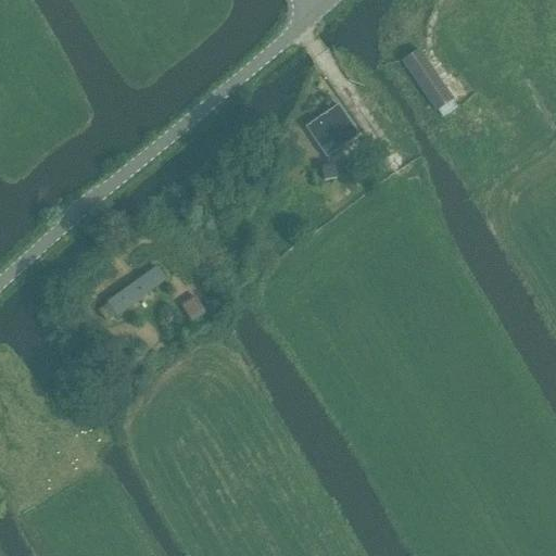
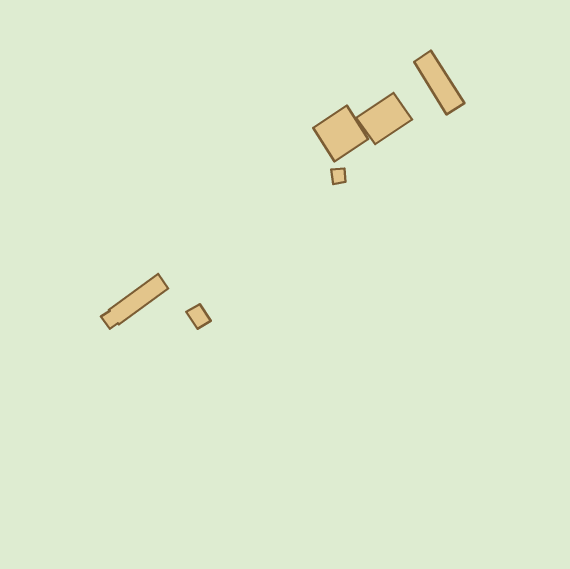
building: none -> [356,93,412,144]

